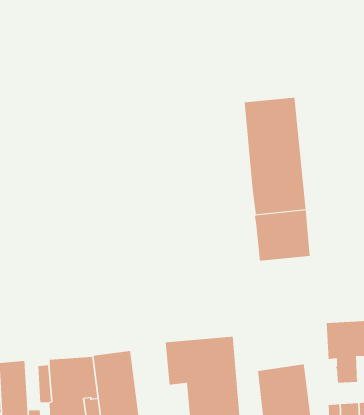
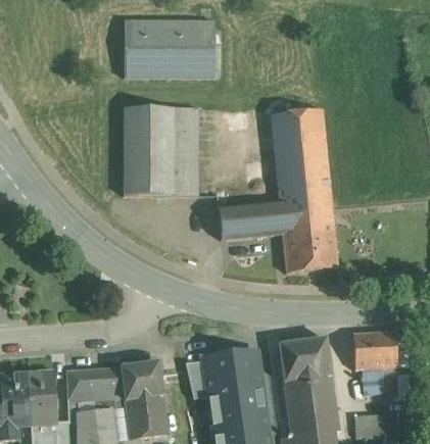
building: none -> [124,19,216,77]
building: none -> [125,106,199,194]
building: none -> [219,200,283,239]
building: none -> [280,337,332,381]

